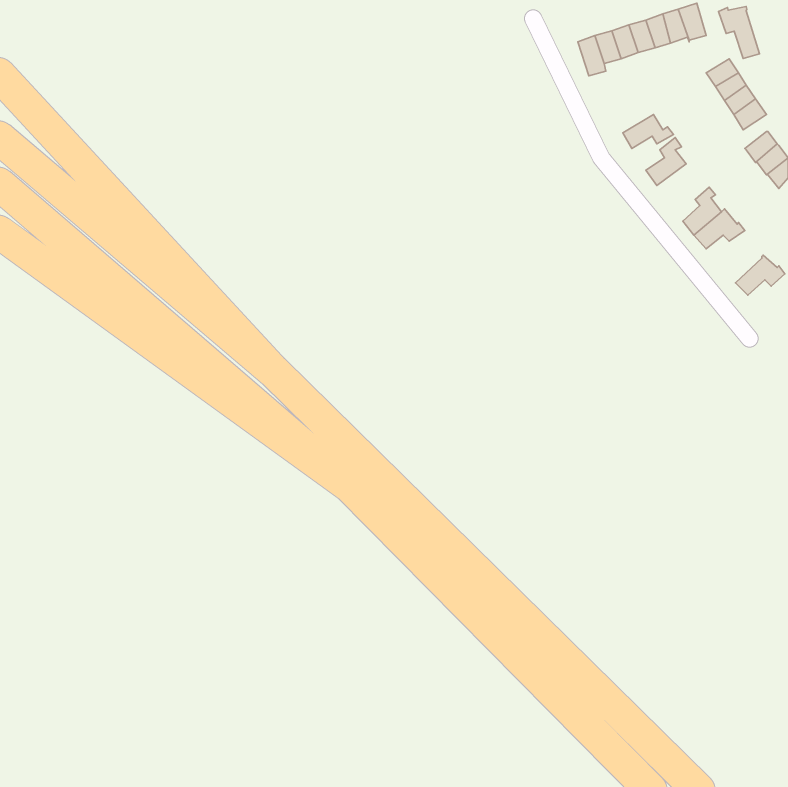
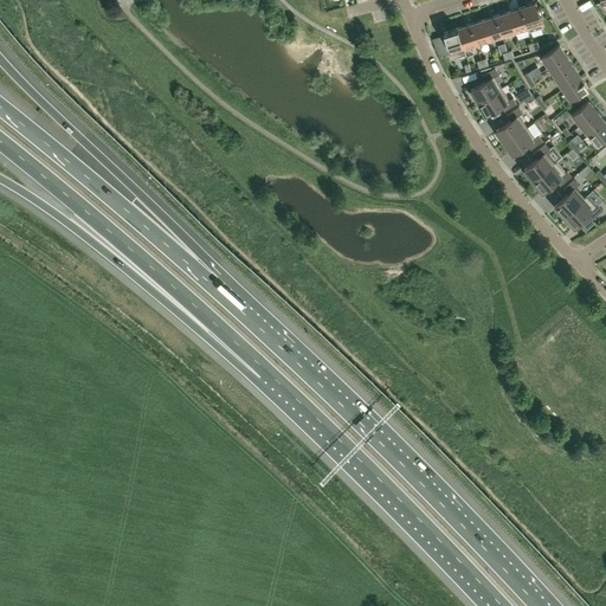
building: [719,7,760,59] -> none
building: none -> [470,69,501,104]
building: none -> [503,128,542,156]
building: none -> [554,181,584,219]

